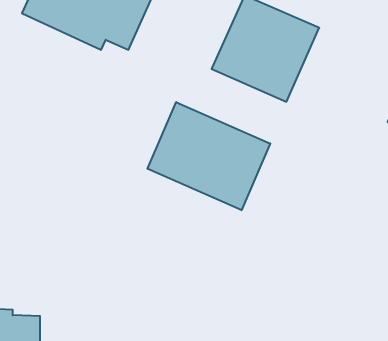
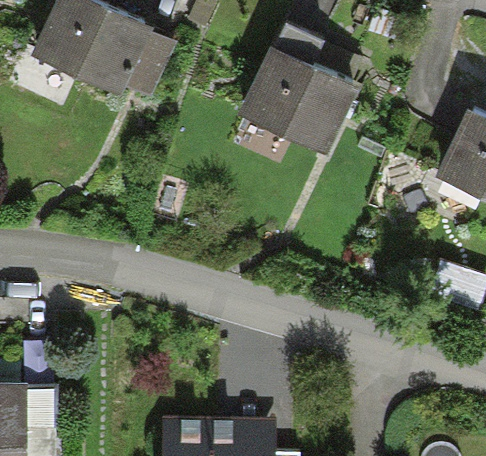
building: [148,102,270,210] -> none

